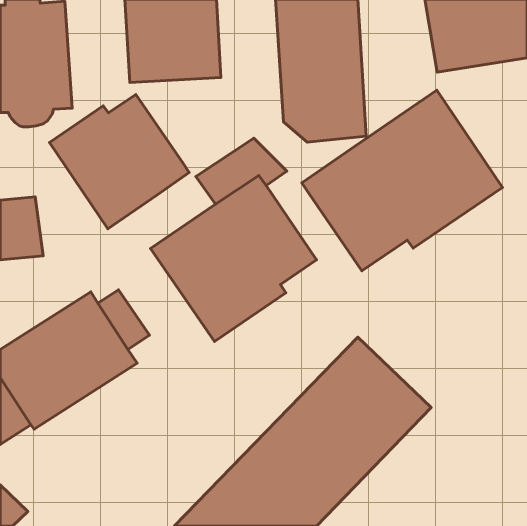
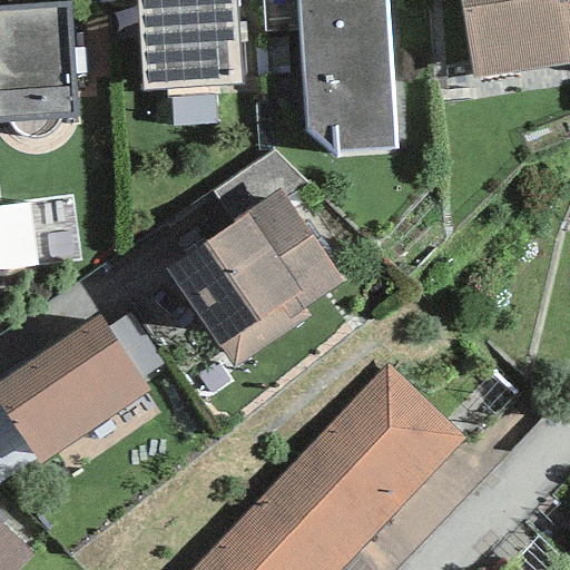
building: [302,90,502,271] -> none
building: [50,94,189,229] -> none

